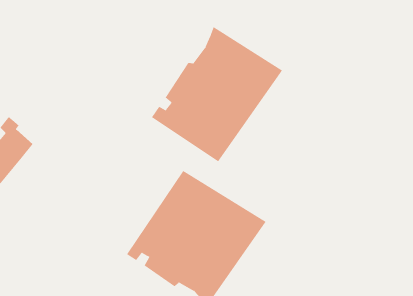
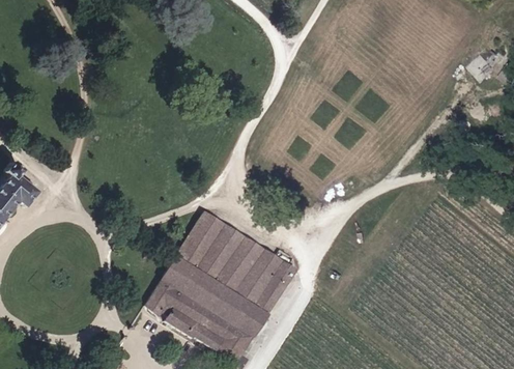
building: [151,26,283,162] -> none

